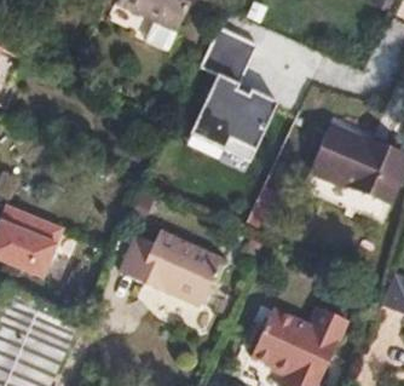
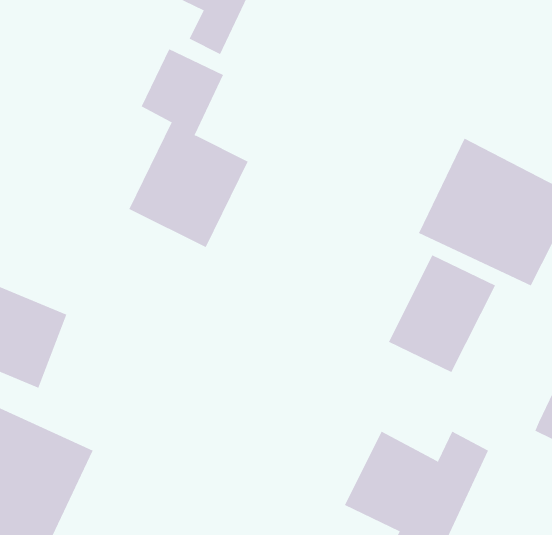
building: [196,28,278,165] -> [128,48,248,248]
building: none -> [388,255,496,373]
building: [121,229,223,304] -> none

